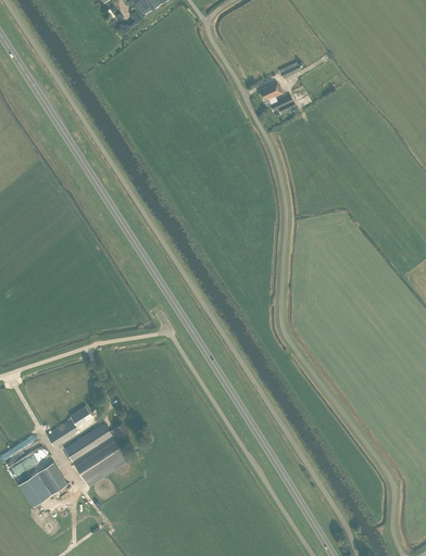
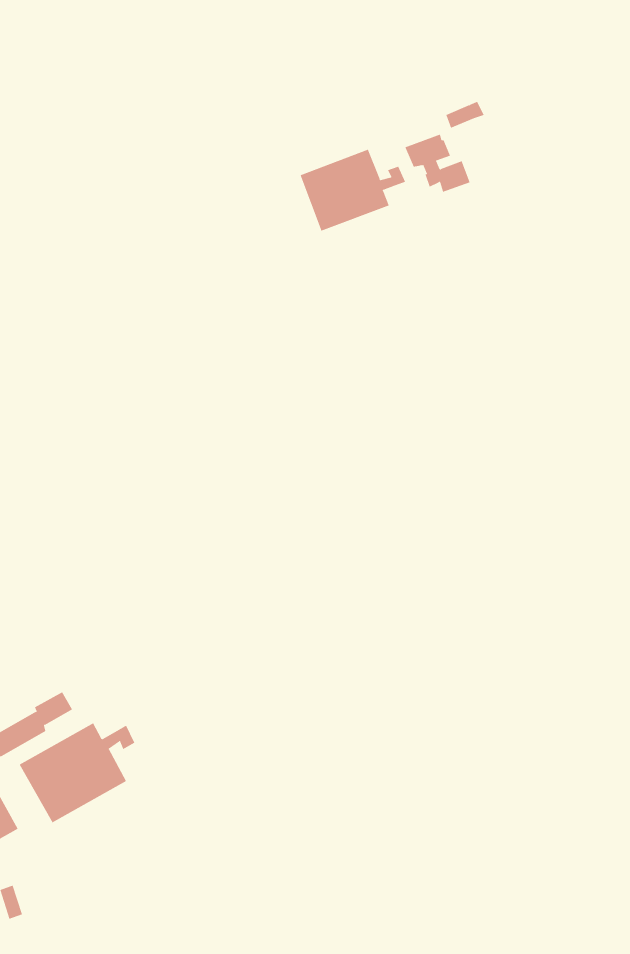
building: none -> [300,149,406,232]

